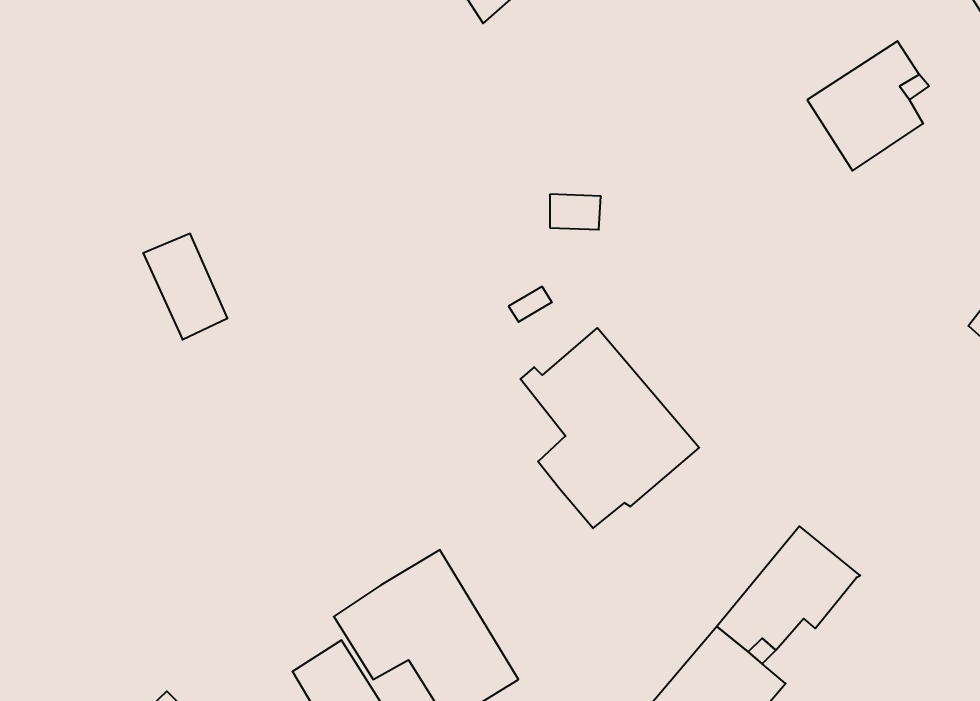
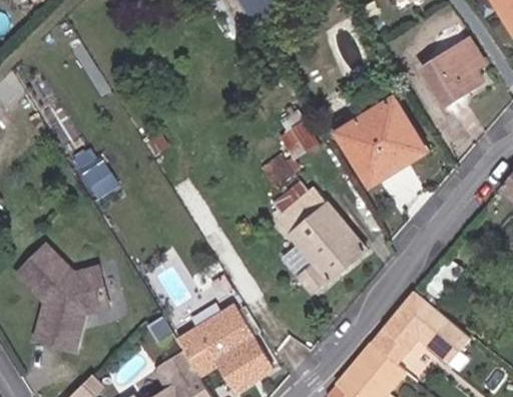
building: none -> [337,91,423,179]
building: none -> [18,247,109,351]
building: none -> [424,317,470,363]

